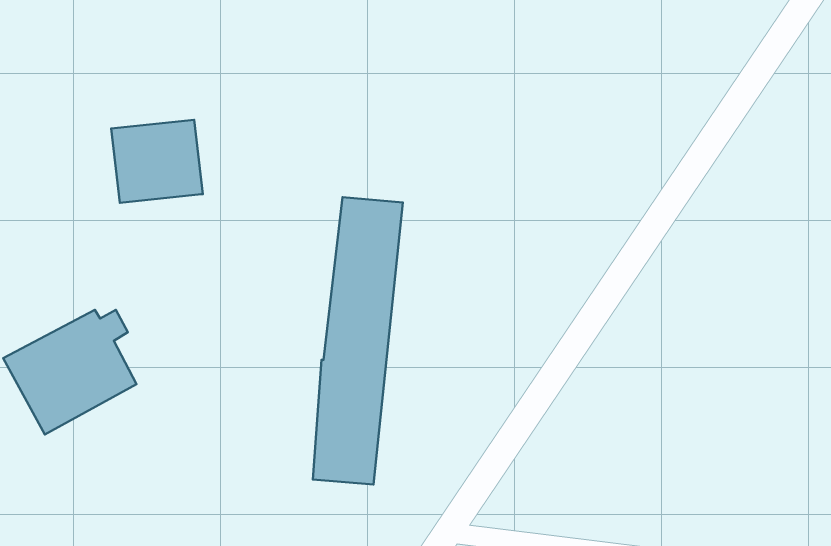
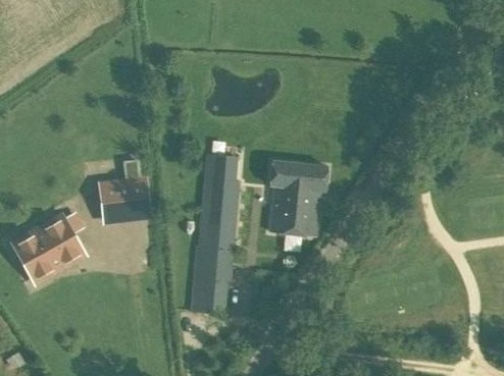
building: [111,120,203,203] -> [97,175,151,224]
building: none -> [268,159,326,236]

